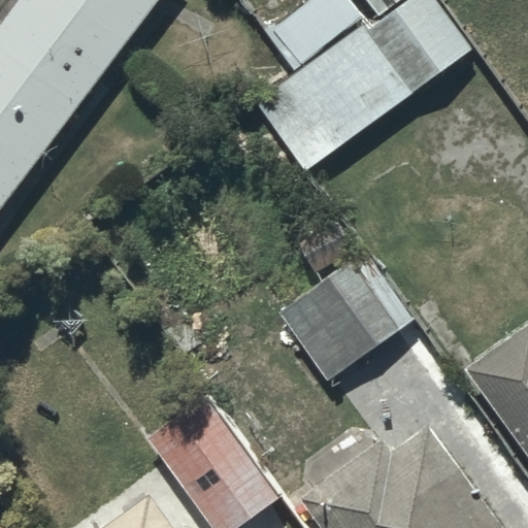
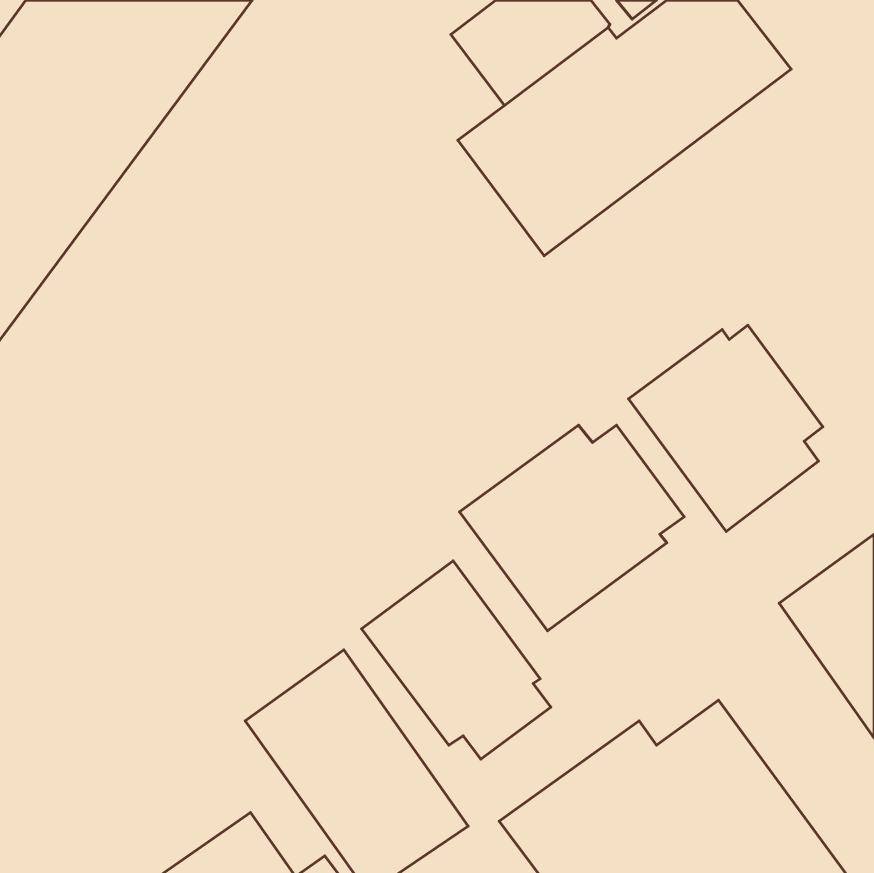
building: none -> [628,325,823,531]
building: none -> [362,561,551,759]

